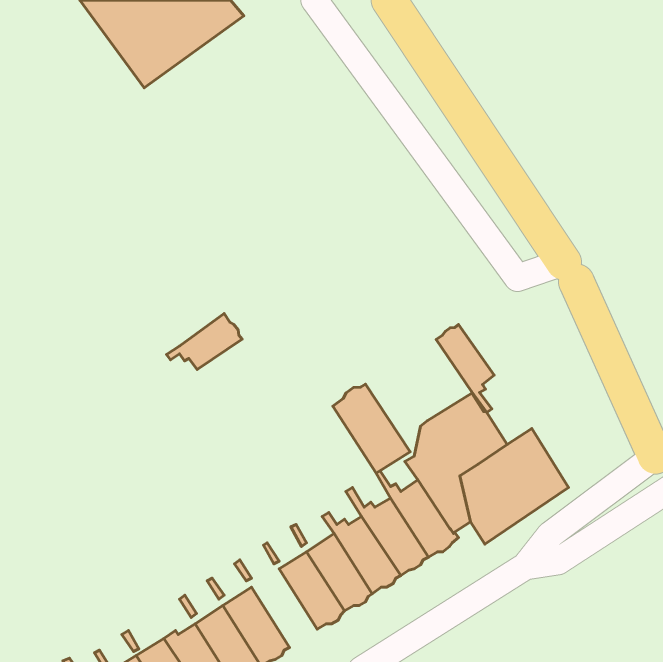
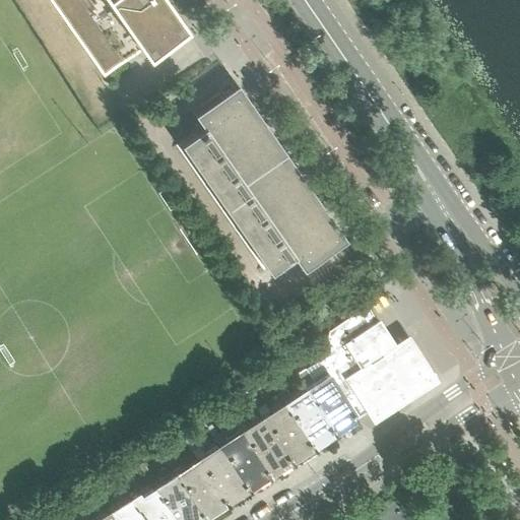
building: none -> [183,88,347,276]
building: [166,314,242,370] -> none
building: [436,324,494,413] -> none
building: [333,384,410,473] -> none
building: none -> [200,447,251,508]

